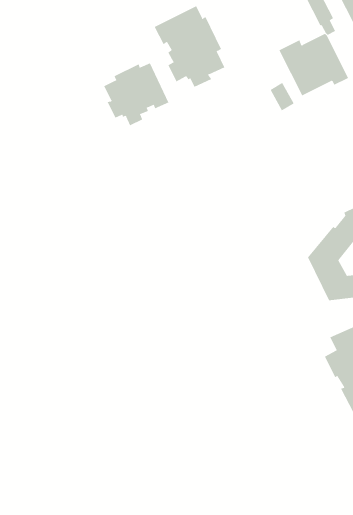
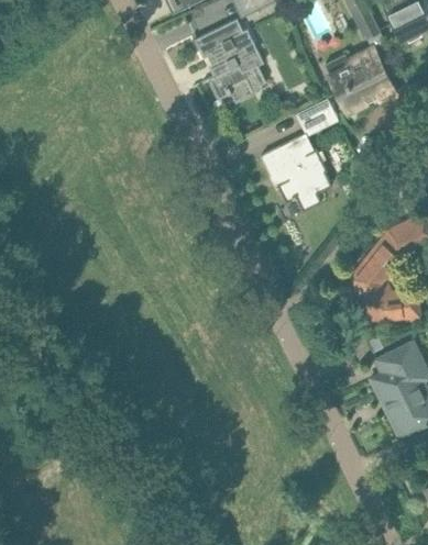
building: [104,62,169,126] -> none
building: none -> [261,133,333,211]

